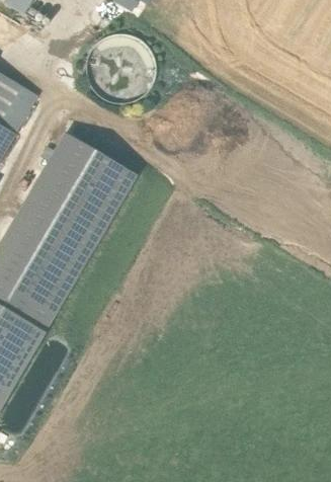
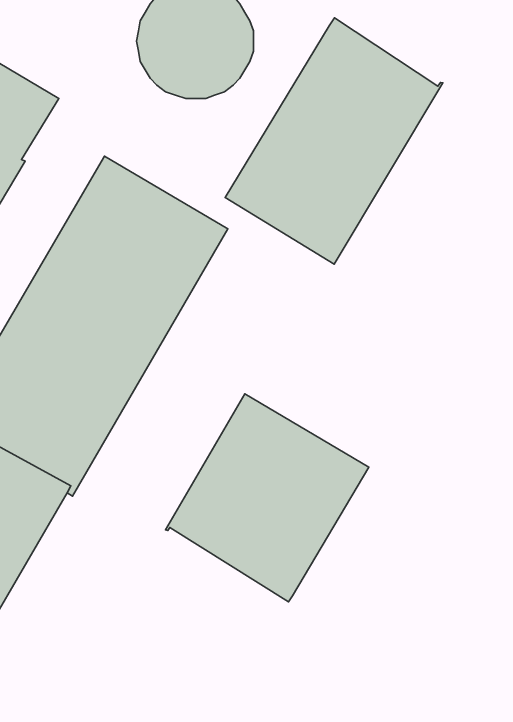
building: none -> [225,18,443,264]
building: none -> [166,394,369,602]

